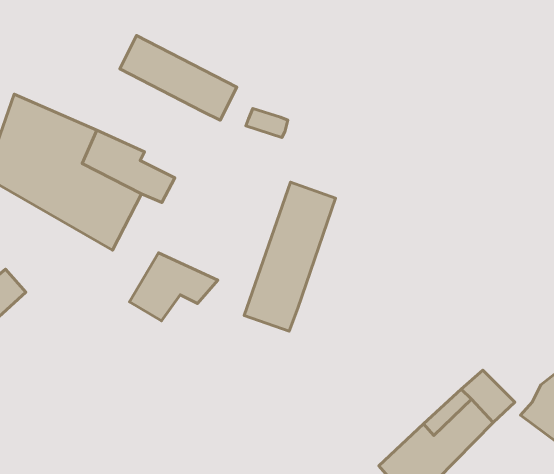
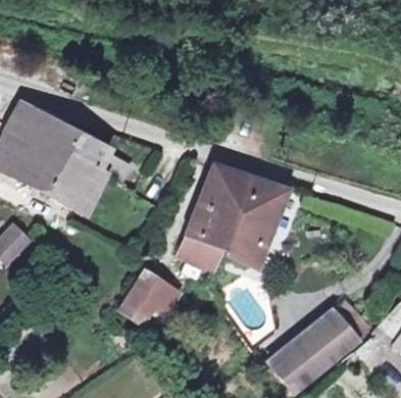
building: [120,36,237,120] -> none
building: none -> [217,172,287,269]
building: [130,253,218,321] -> [119,273,182,321]

